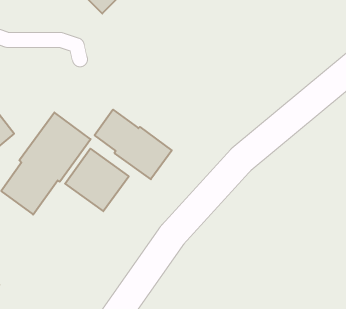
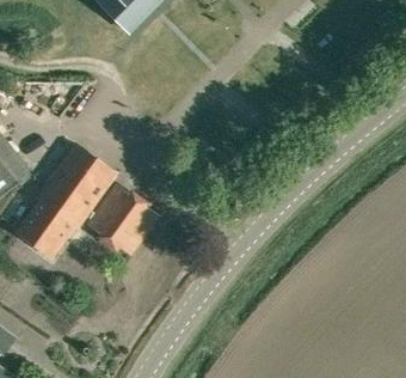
building: [95,110,172,179] -> none

